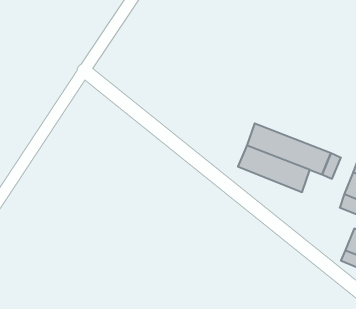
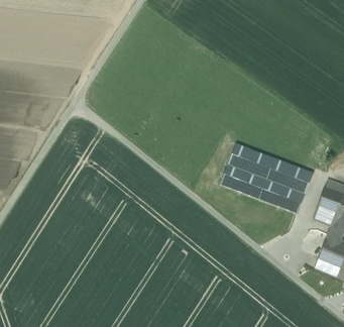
building: none -> [277,184,305,212]

